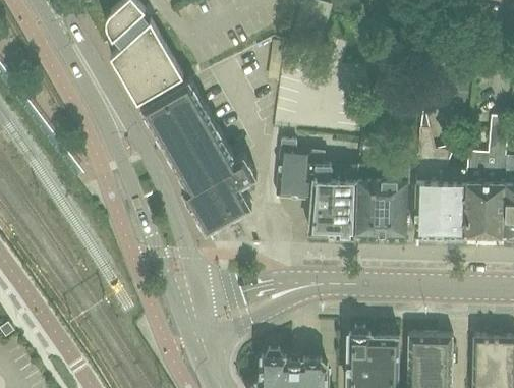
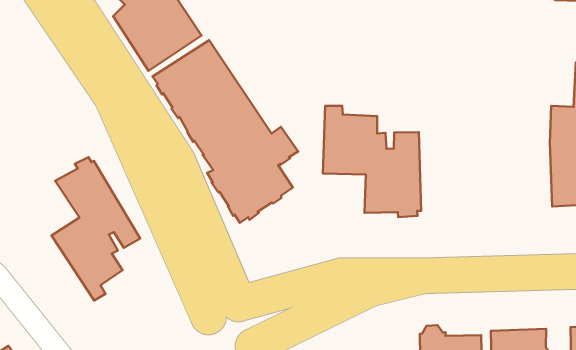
building: [414,130,469,236] -> none
building: [356,152,409,234] -> none
building: none -> [52,157,140,301]

